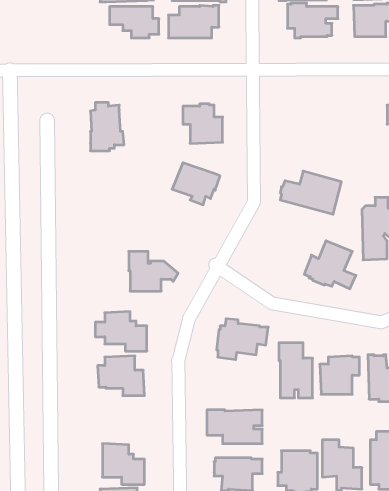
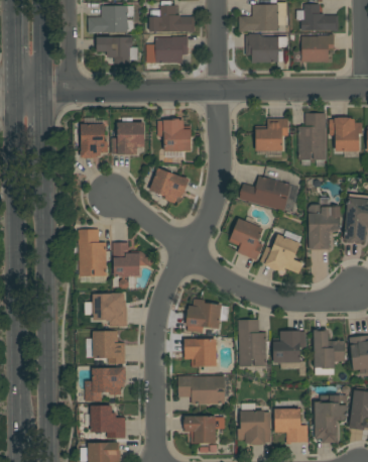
building: none -> [297,114,326,160]
building: none -> [111,118,144,155]
building: none -> [254,119,287,151]
building: none -> [228,219,262,260]
building: none -> [78,229,106,276]
building: none -> [183,339,216,367]
building: none -> [85,367,126,401]

